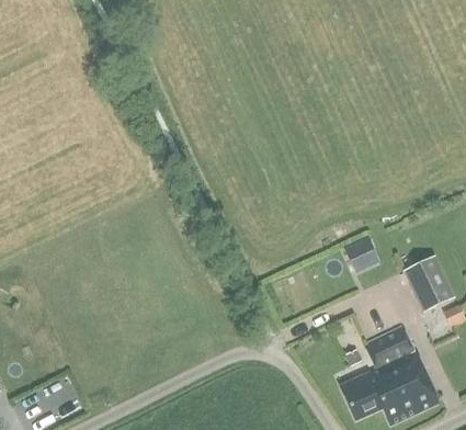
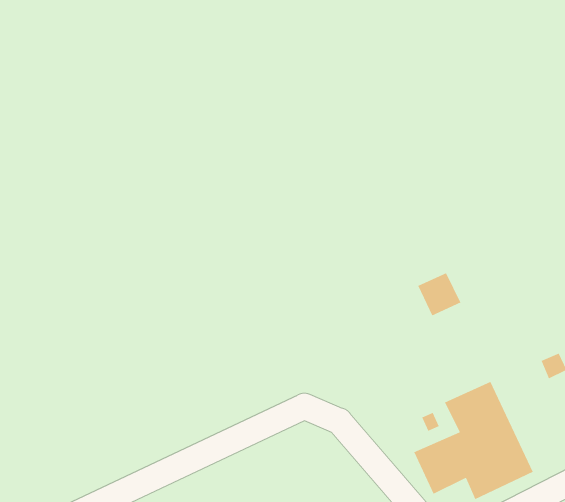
building: [402,253,452,309] -> none

